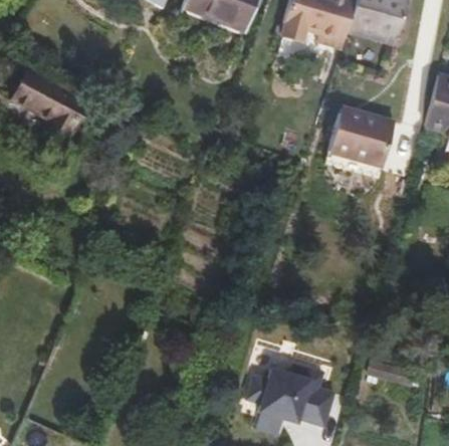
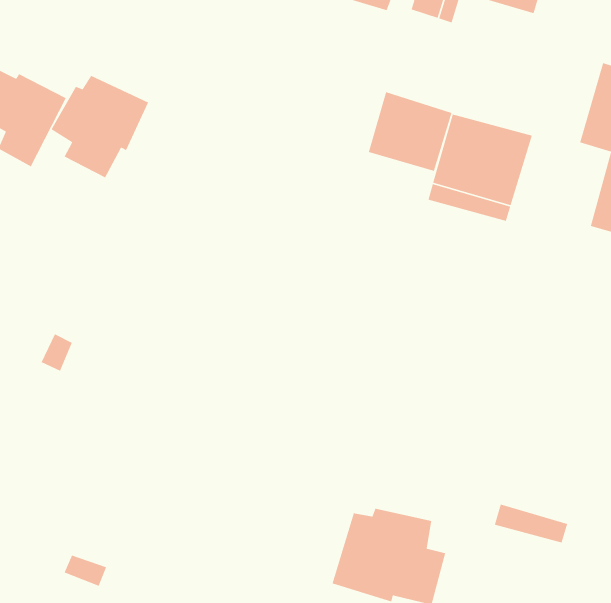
building: none -> [51,75,149,178]
building: none -> [368,91,452,172]

